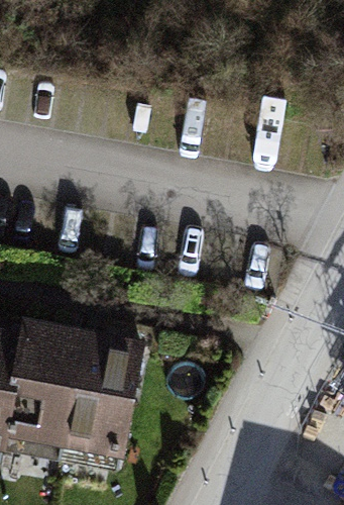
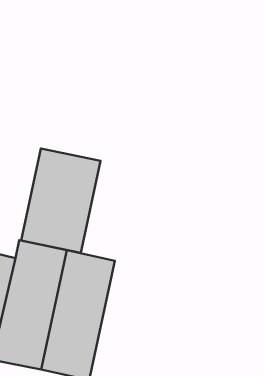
building: none -> [21,148,100,253]

